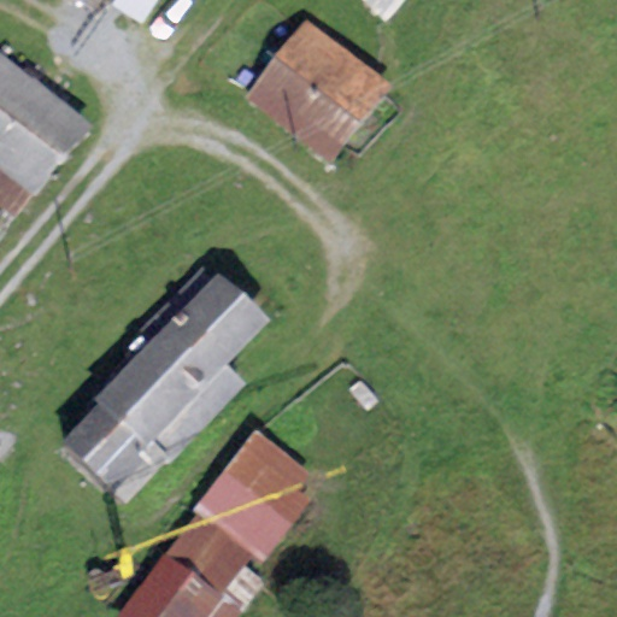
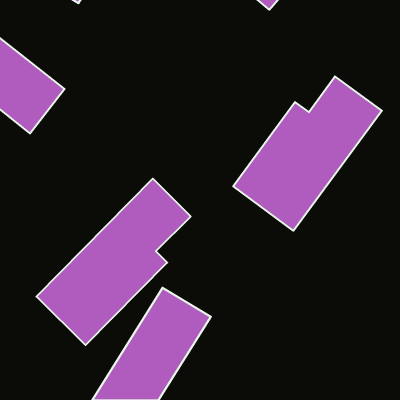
building: [243,23,394,171] -> none
building: none -> [233,76,382,231]

